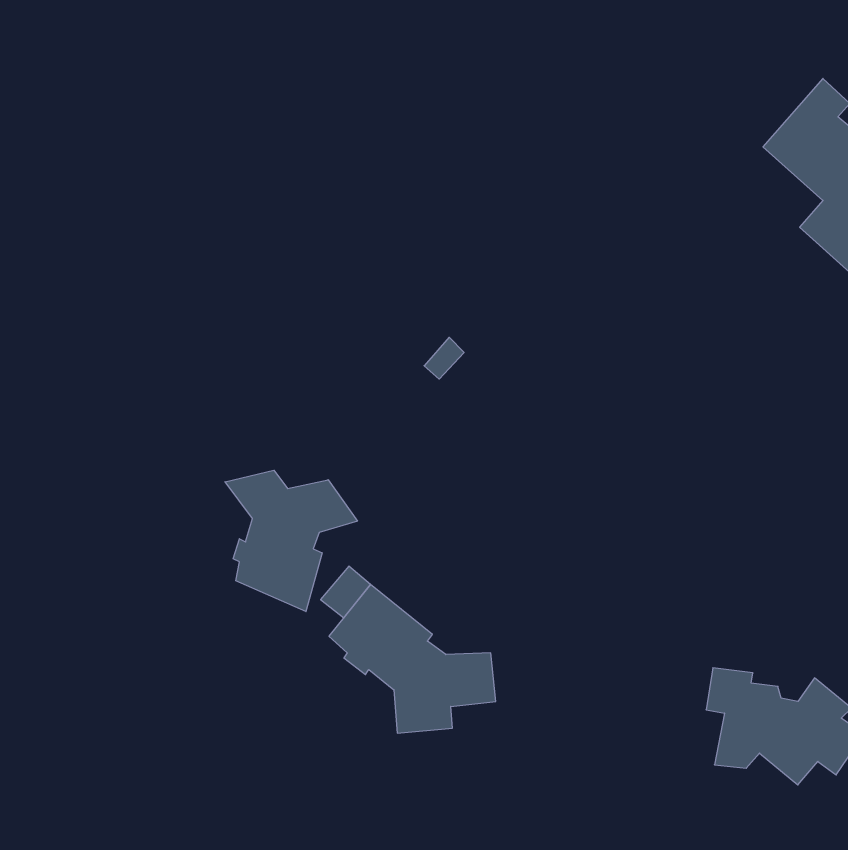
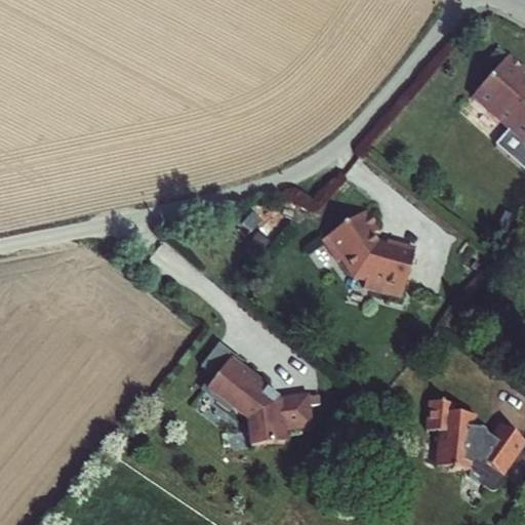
building: none -> [322,206,416,291]
building: [225,470,357,612] -> none

